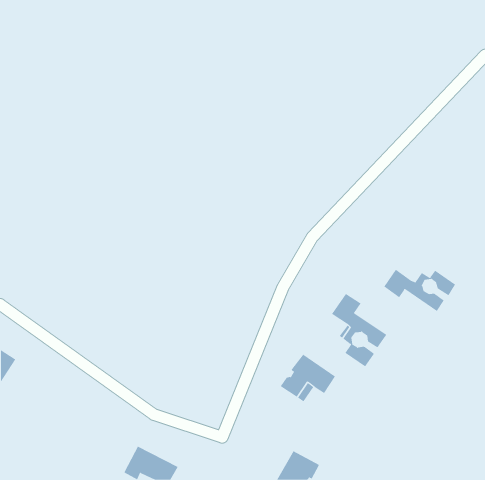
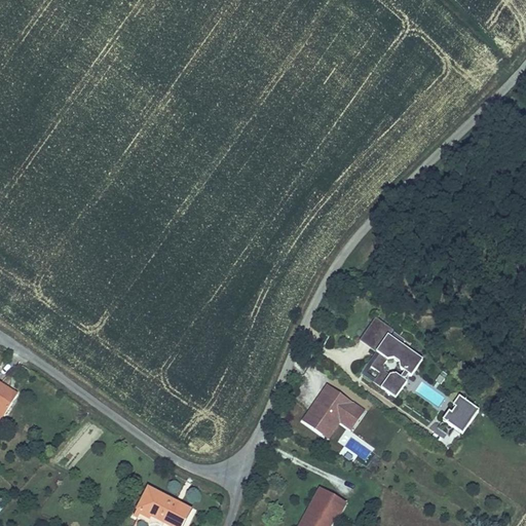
building: [384,269,456,312] -> none
building: none -> [441,399,477,436]

